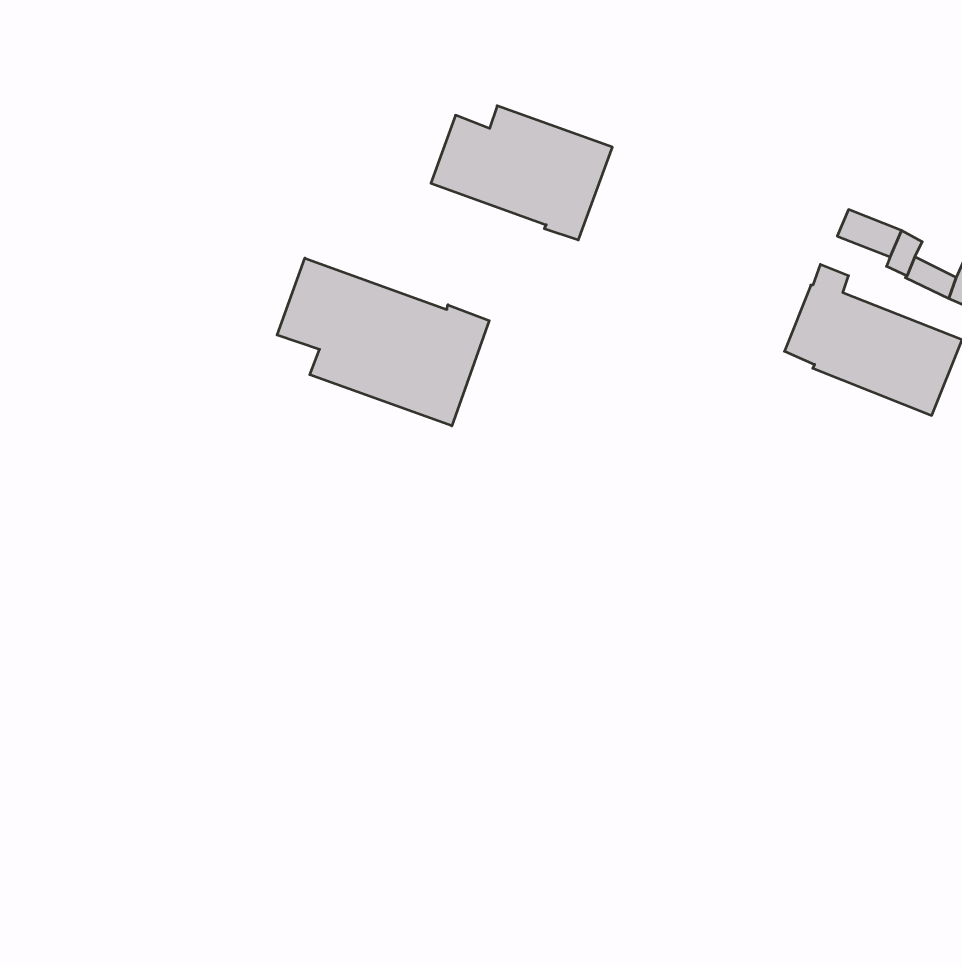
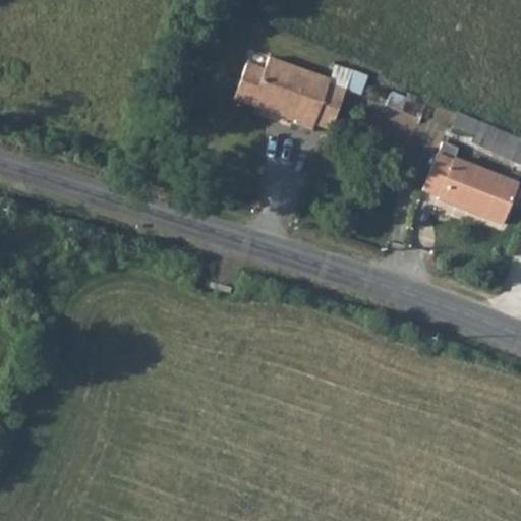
building: [277,258,489,426] -> none

